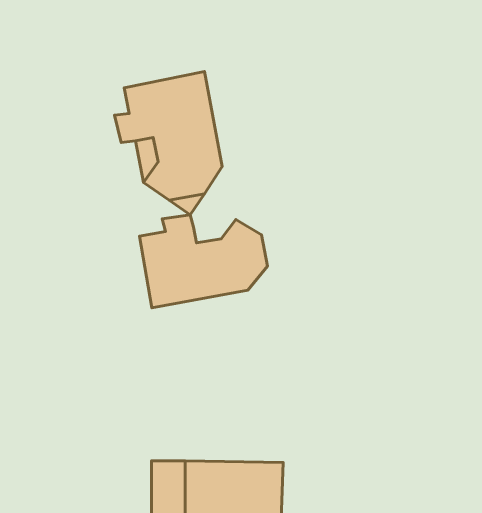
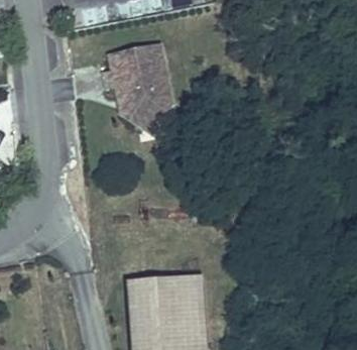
building: [139,215,268,308] -> none

